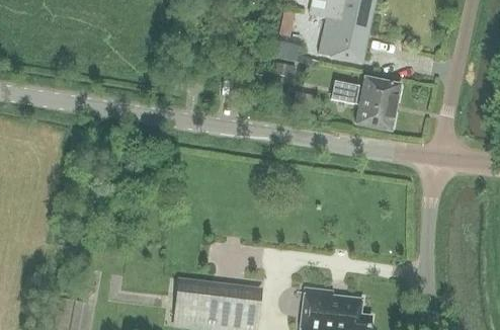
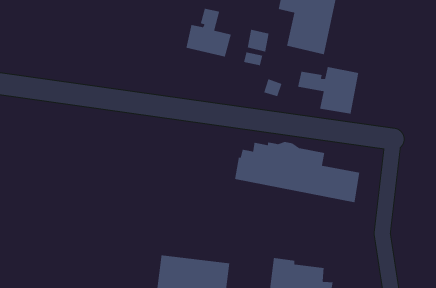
building: none -> [185,8,232,58]
building: none -> [234,141,360,203]

